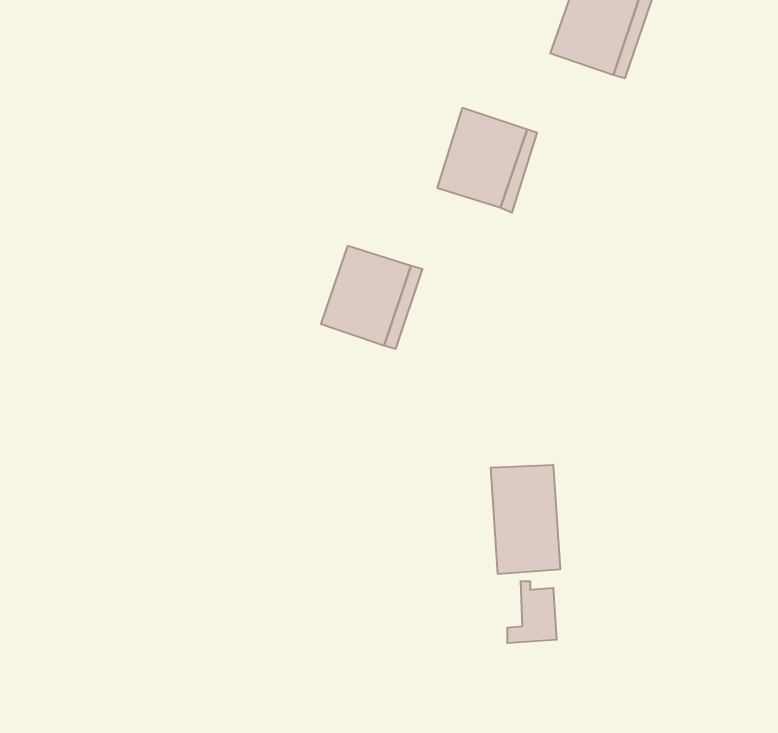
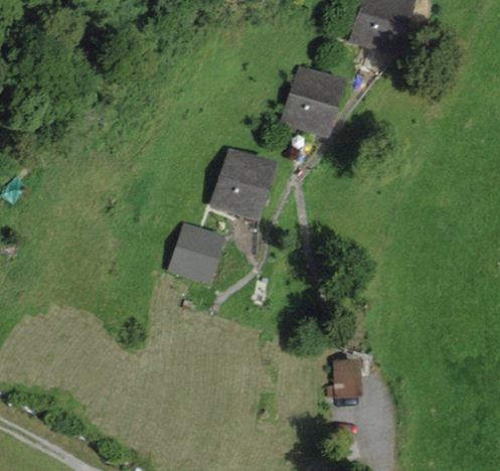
building: none -> [168,224,218,281]
building: [491,465,560,574] -> none

